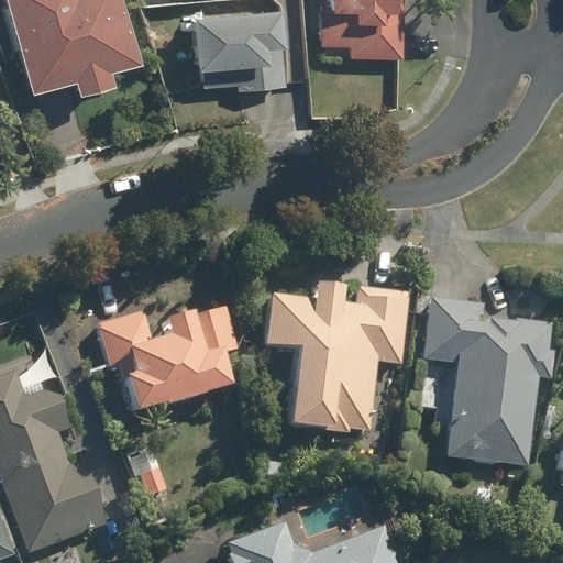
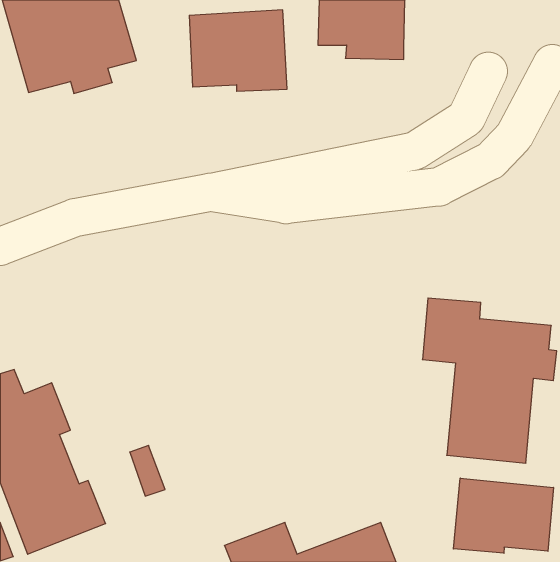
building: [266,284,409,432] -> none
building: [98,302,238,413] -> none
building: none -> [453,478,553,553]

